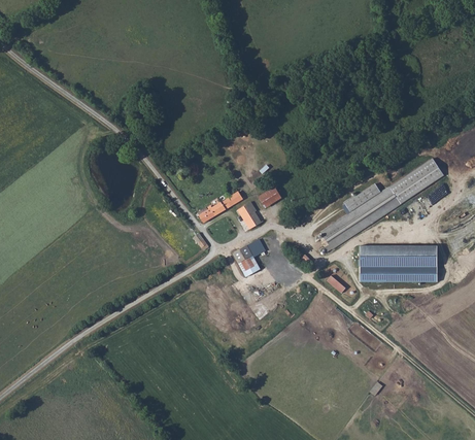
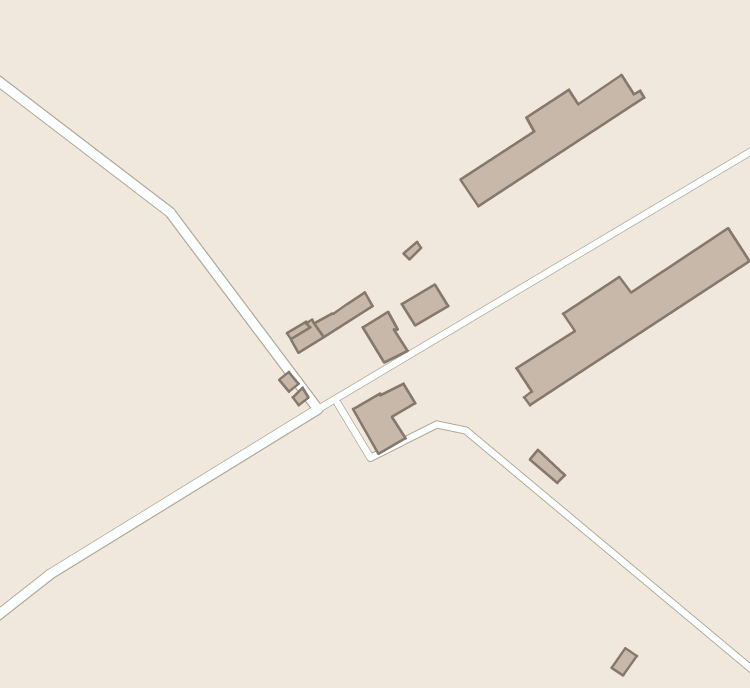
building: none -> [461,75,644,206]
building: [361,246,437,282] -> none

